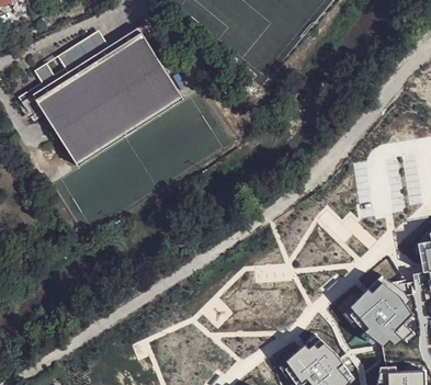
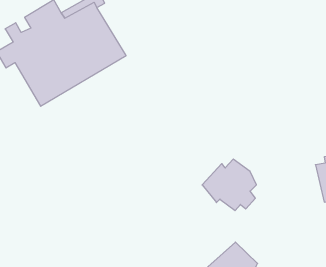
building: [340,275,407,339] -> [202,159,256,211]

